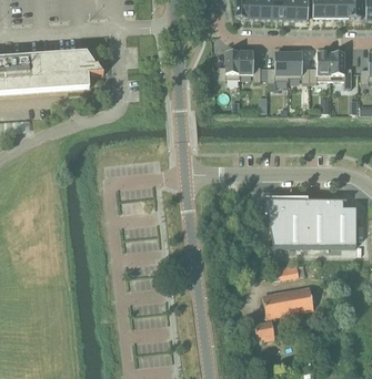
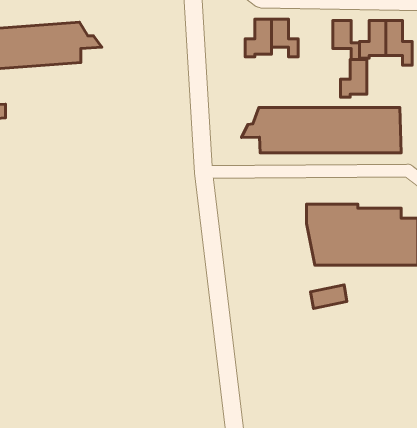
building: [268,51,289,81] -> [340,60,367,97]
building: none -> [242,108,401,153]
building: [255,288,314,340] -> none

